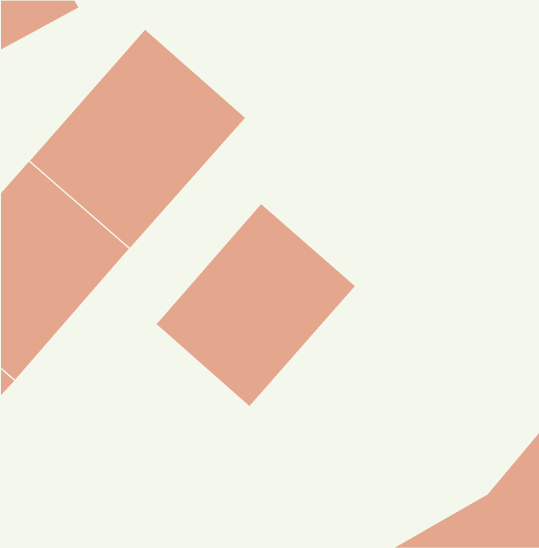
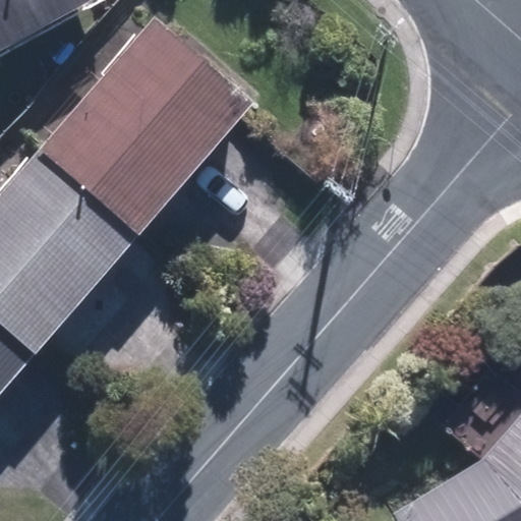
building: [156,203,356,407] -> none

